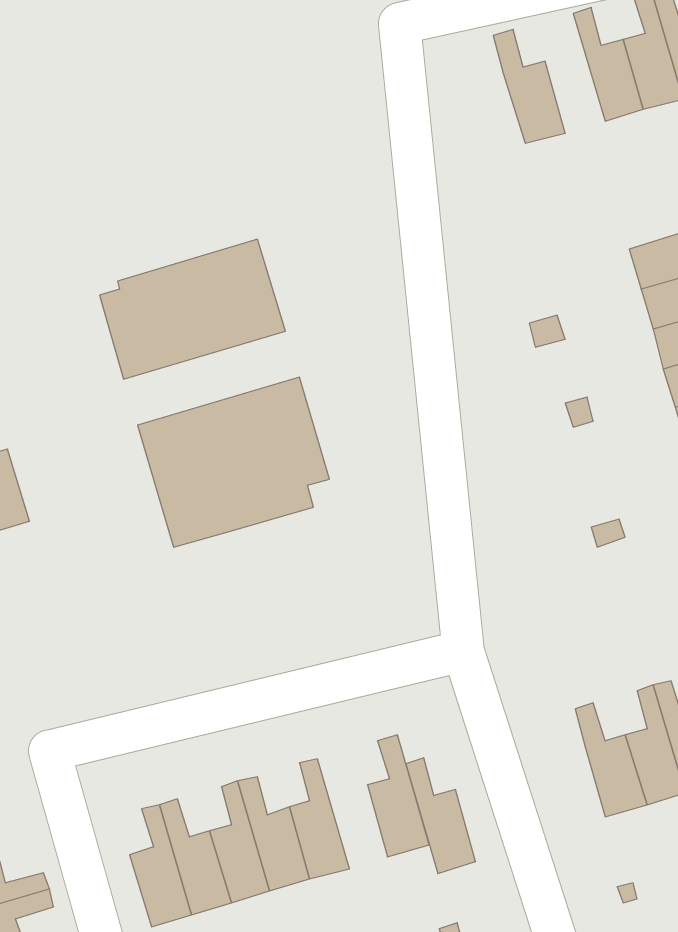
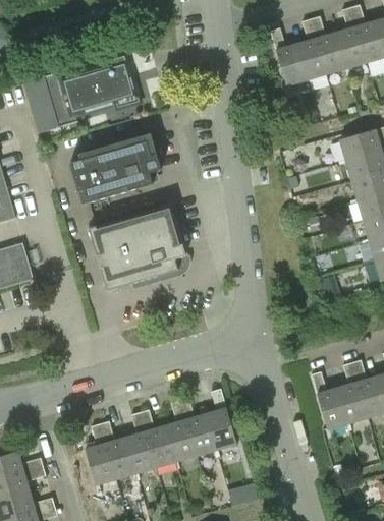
building: none -> [295,20,326,81]
building: none -> [23,54,133,133]
building: [406,758,476,874] -> [179,397,215,456]

